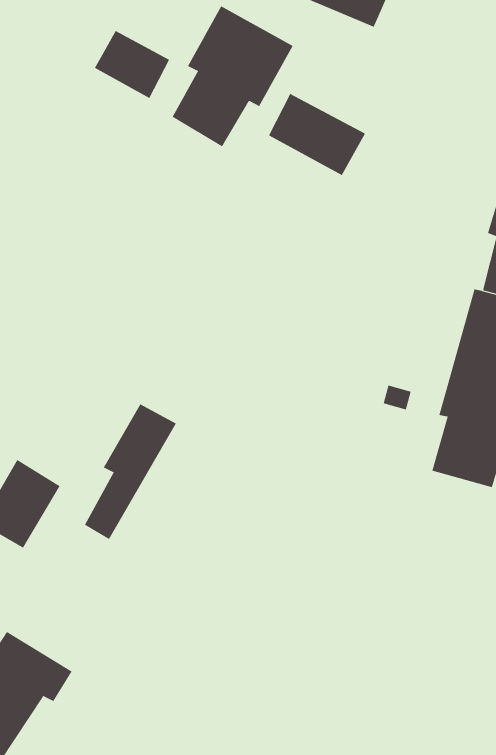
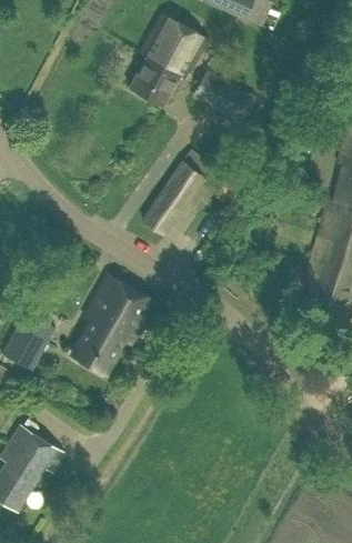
building: [94,30,170,99] -> none
building: none -> [143,151,224,234]
building: none -> [89,288,157,374]

